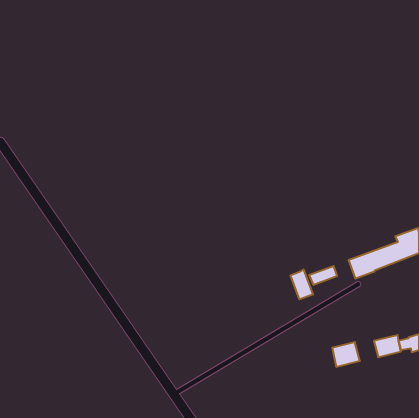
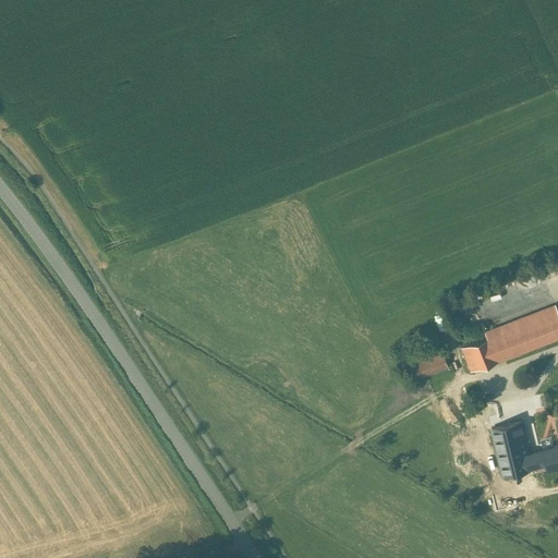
building: [291,270,313,299] -> none
building: [332,342,360,367] -> [492,422,529,454]

